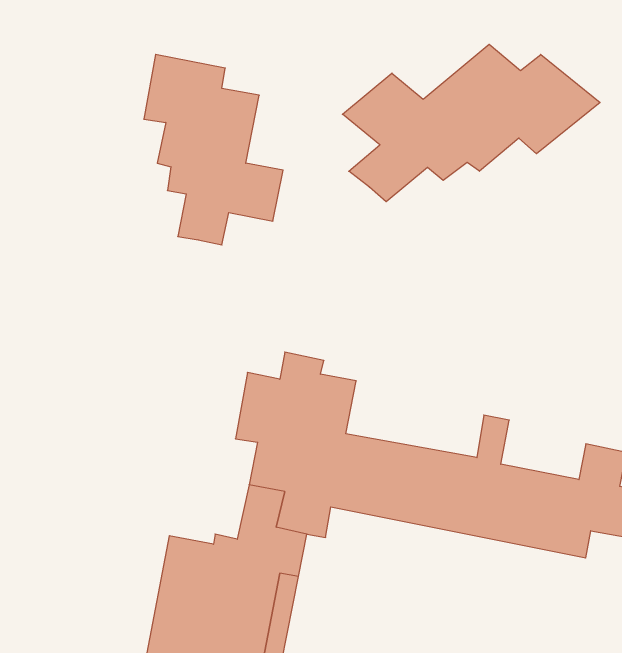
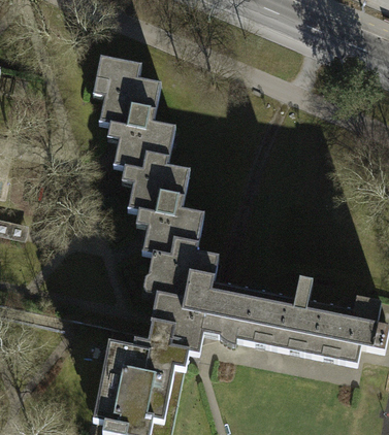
building: [342,44,600,202] -> none
building: none -> [121,154,205,255]

